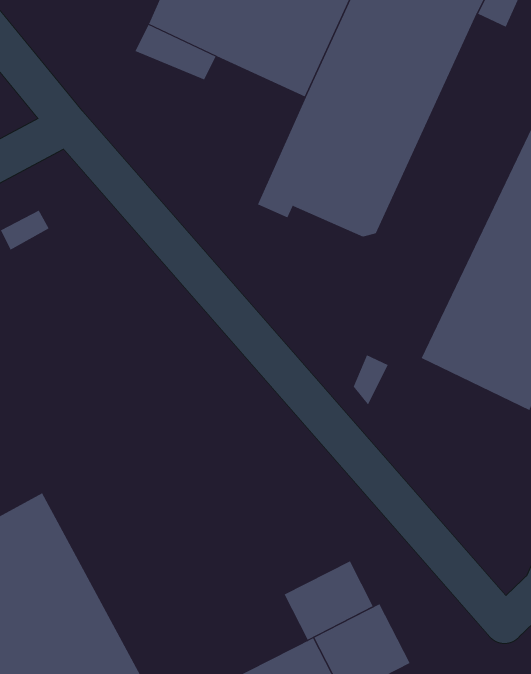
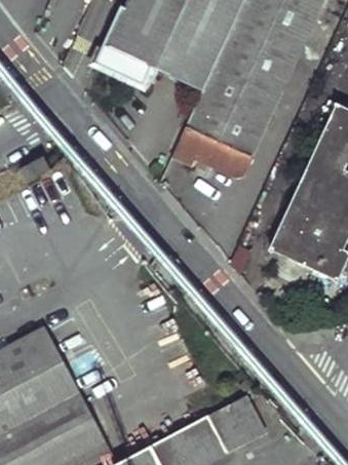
building: [284,560,374,641] -> none

